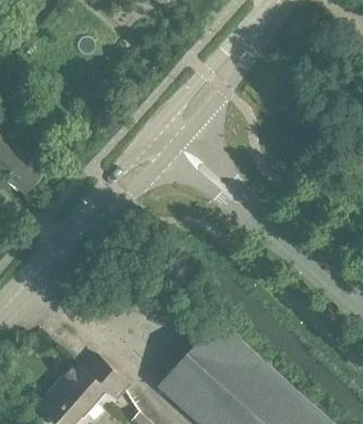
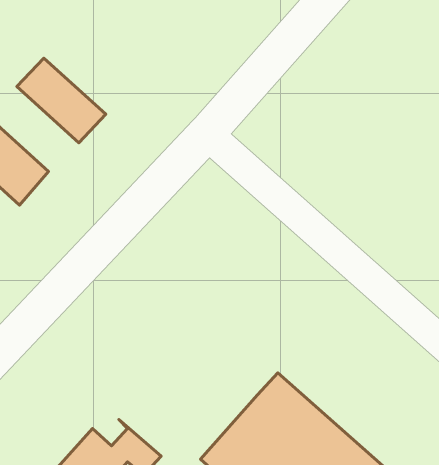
building: none -> [17,58,106,143]

